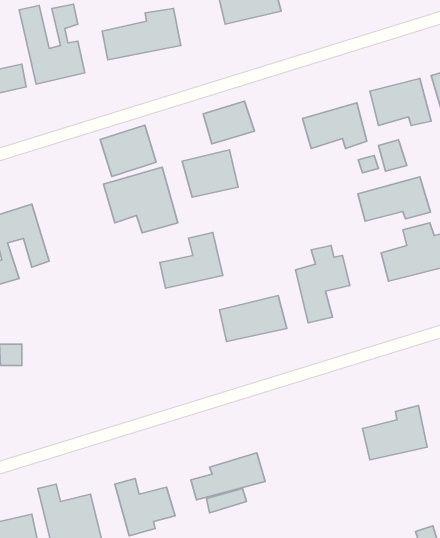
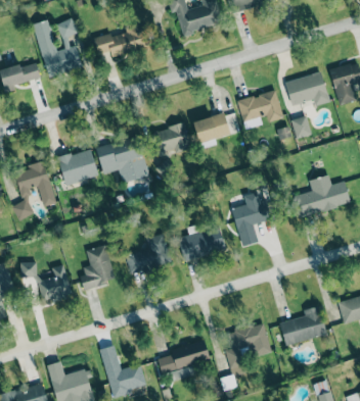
building: [203,101,255,144] -> [194,113,231,144]
building: [100,125,156,177] -> [58,149,98,186]
building: [358,177,430,221] -> none
building: [160,233,223,288] -> [126,234,171,273]
building: none -> [81,245,115,290]
building: none -> [38,265,72,302]
building: none -> [226,324,271,377]

